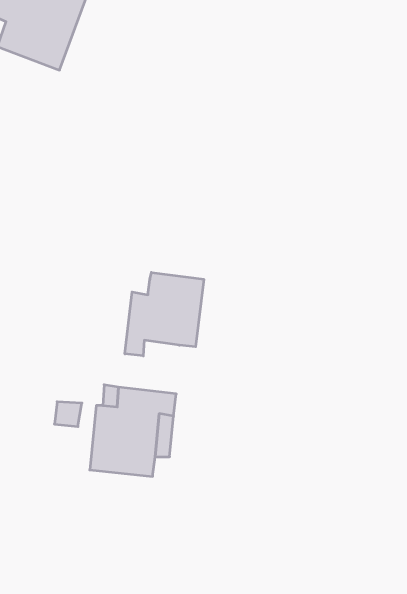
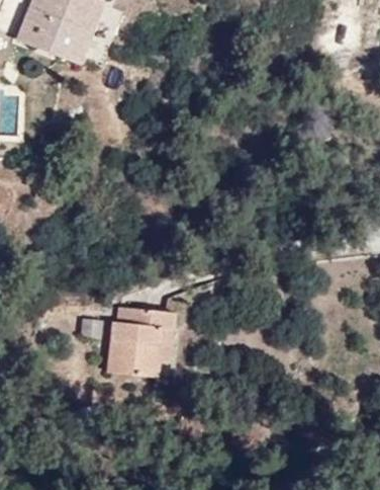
building: [125,272,204,356] -> none

